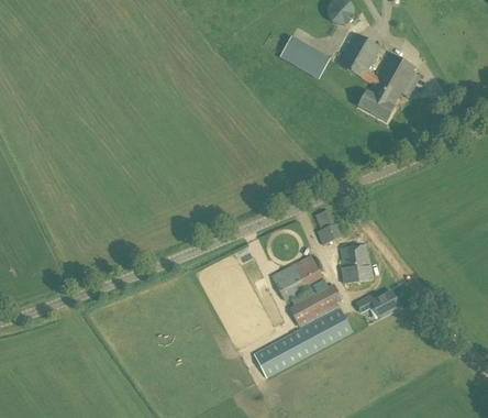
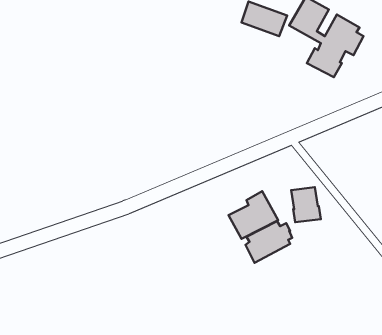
building: [314,210,343,245] -> none
building: [356,292,400,319] -> none
building: [254,308,352,376] -> none

